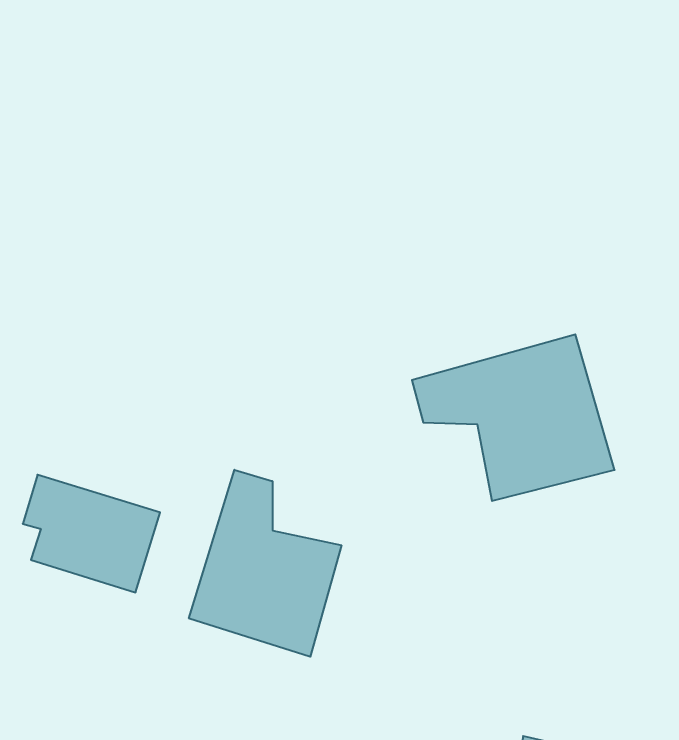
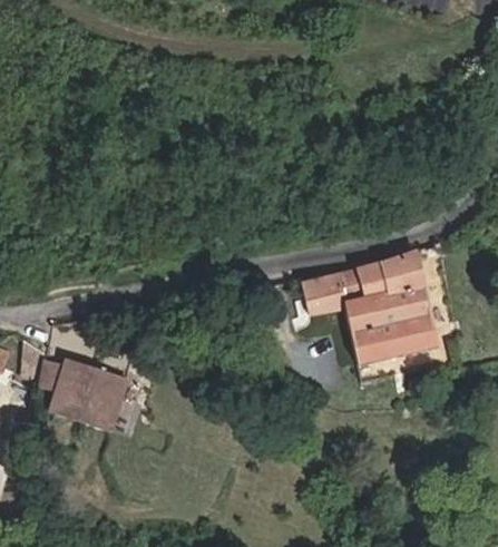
building: [189,470,341,657] -> none

